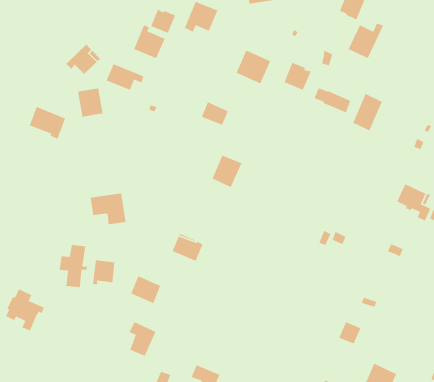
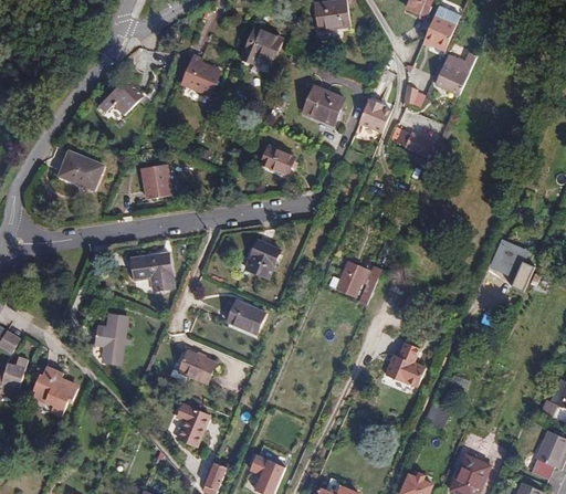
building: [150,9,176,34] -> none
building: [105,63,144,91] -> none
building: [77,87,103,118] -> [140,164,171,199]
building: [352,93,383,132] -> none
building: [212,154,243,188] -> [244,239,281,278]
building: none -> [336,259,381,306]
building: [92,259,115,285] -> none
building: none -> [384,345,423,389]

